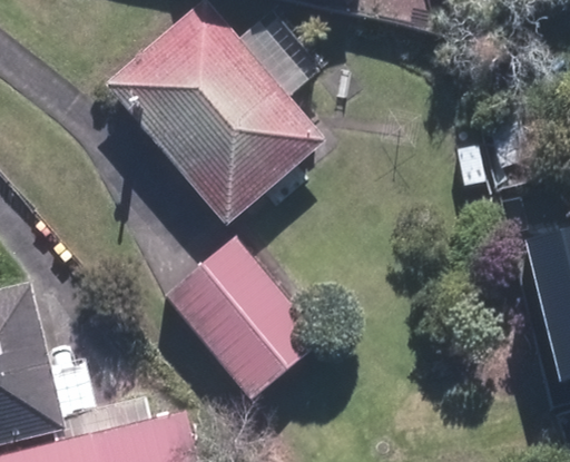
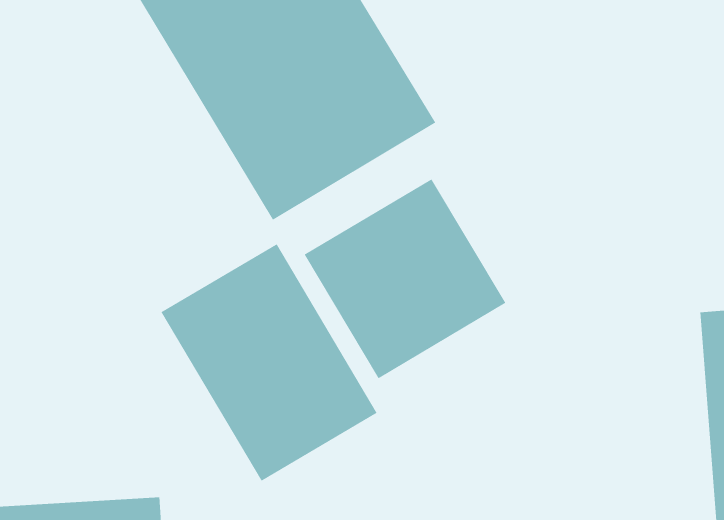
building: none -> [304,178,506,379]

